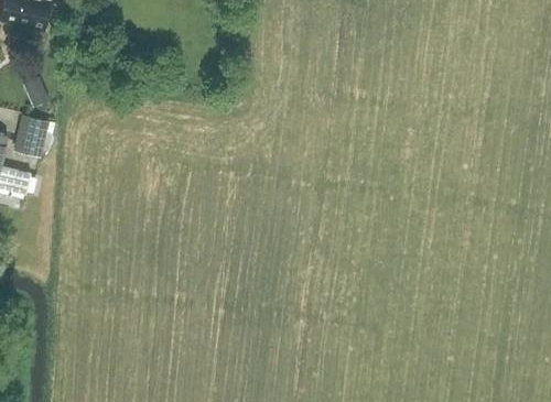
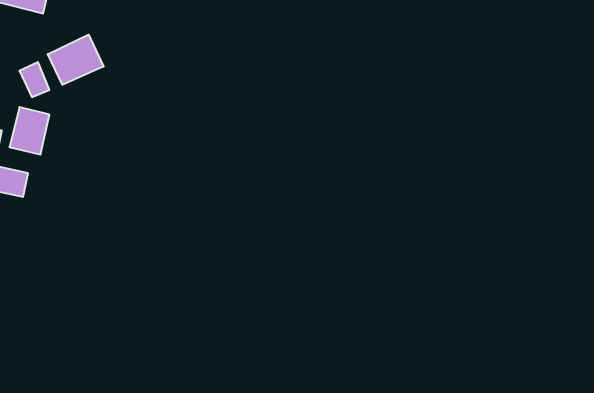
building: none -> [48,35,104,85]

